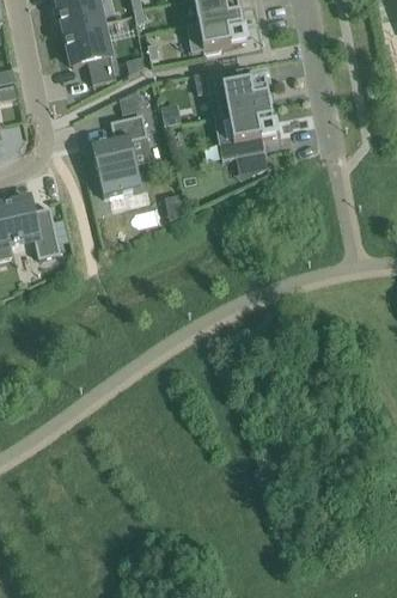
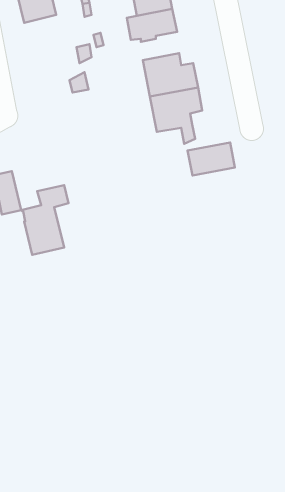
building: [65,22,116,84] -> none
building: [91,115,147,197] -> [21,185,68,255]
building: none -> [188,143,235,175]

